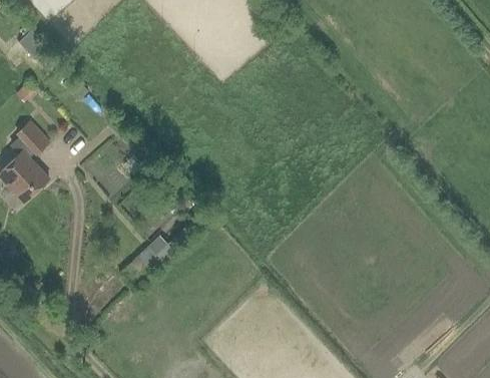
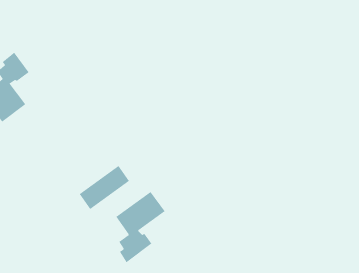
building: none -> [116,191,166,263]

